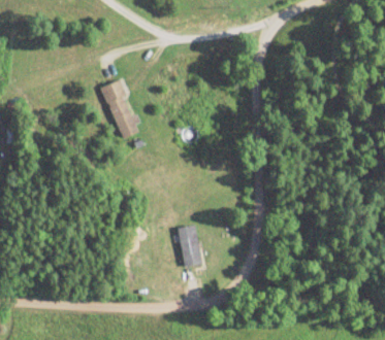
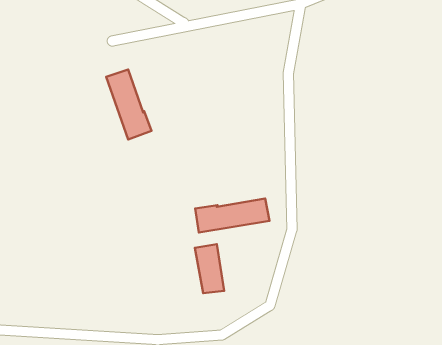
building: none -> [195,198,269,232]

